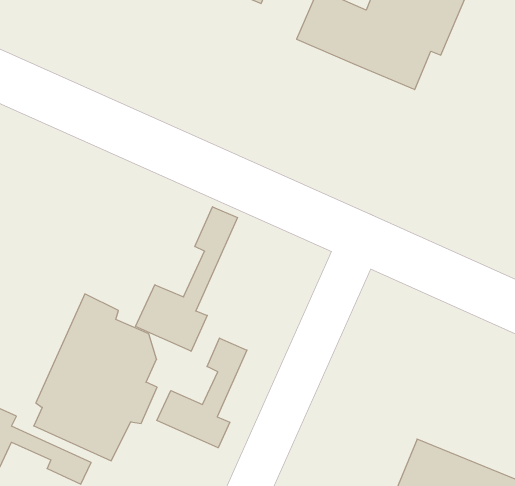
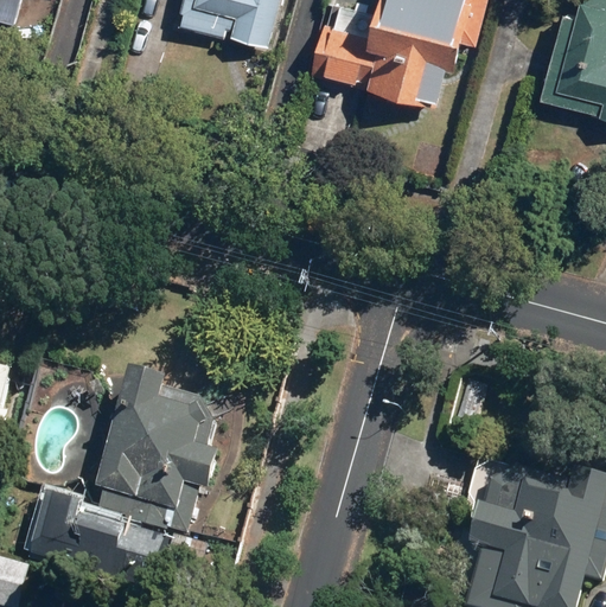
building: [136,207,237,351] -> none
building: [157,338,247,448] -> none

